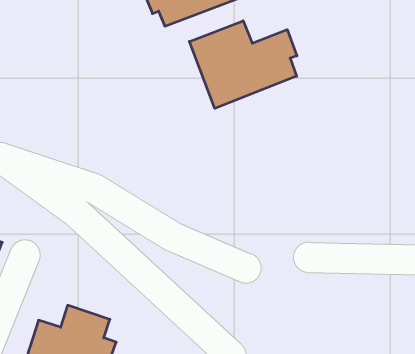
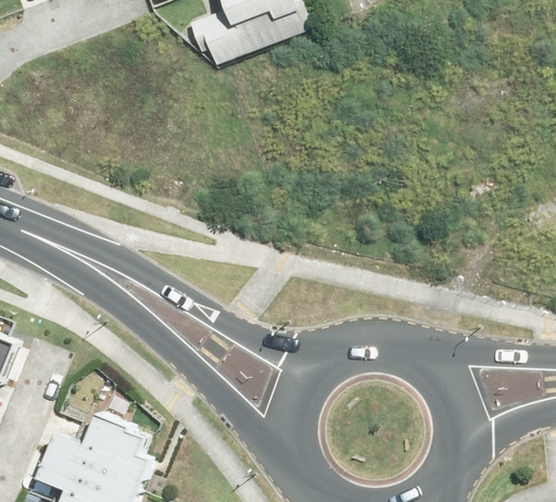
building: [189,21,297,108] -> none

